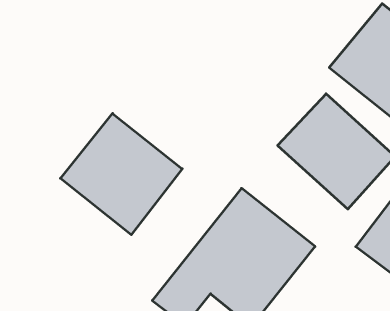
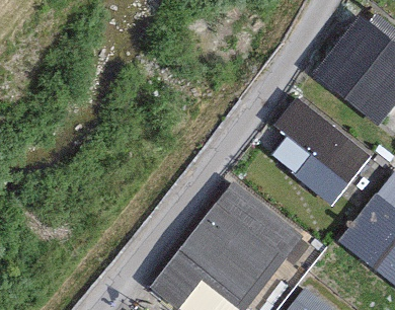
building: [60,113,182,235] -> none

